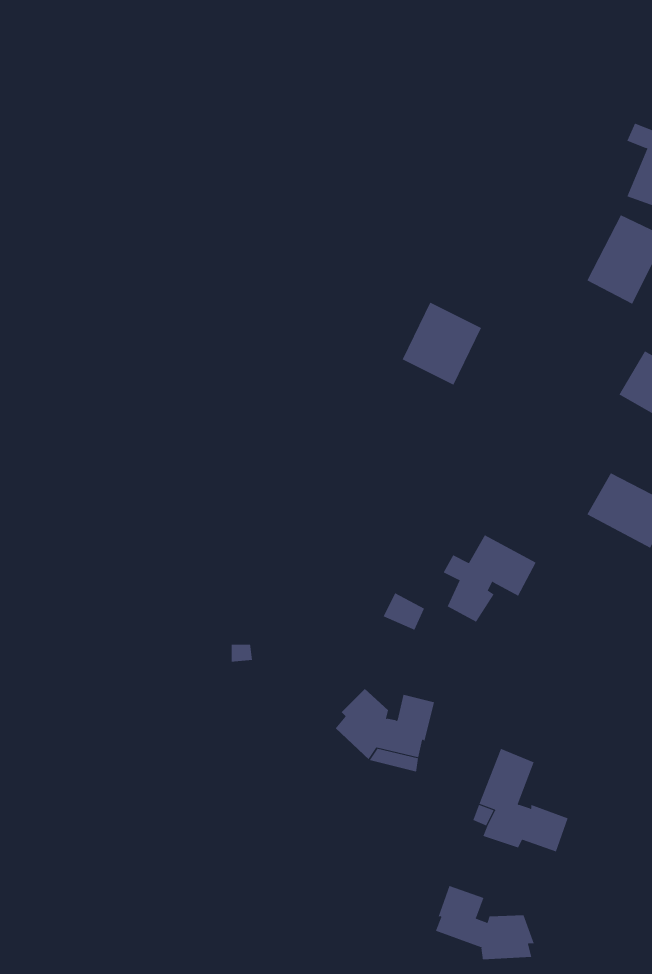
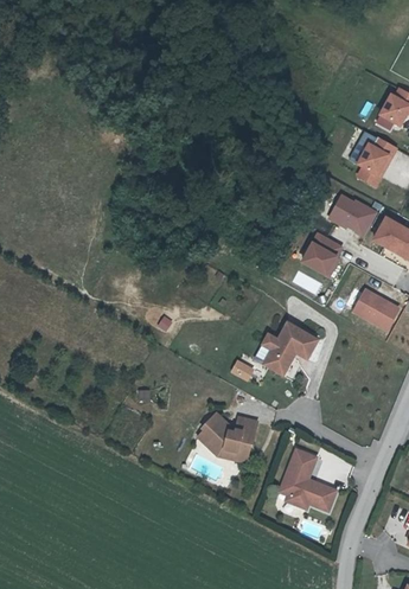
building: [402,302,482,386] -> [298,230,345,280]
building: none -> [327,191,378,237]
building: [435,885,535,960] -> none

